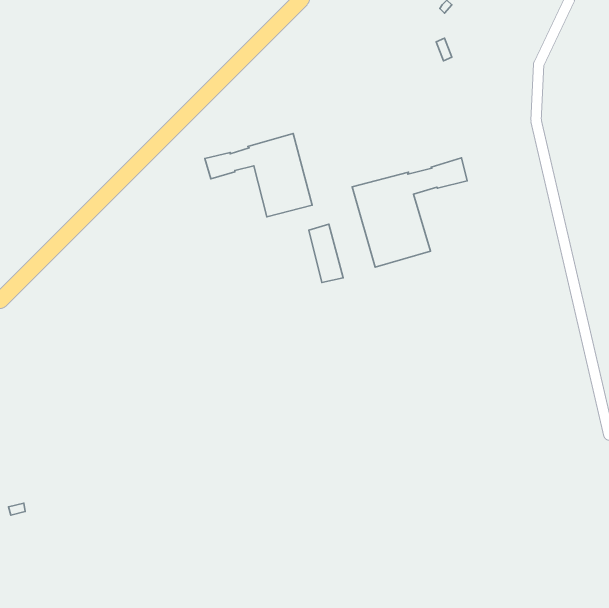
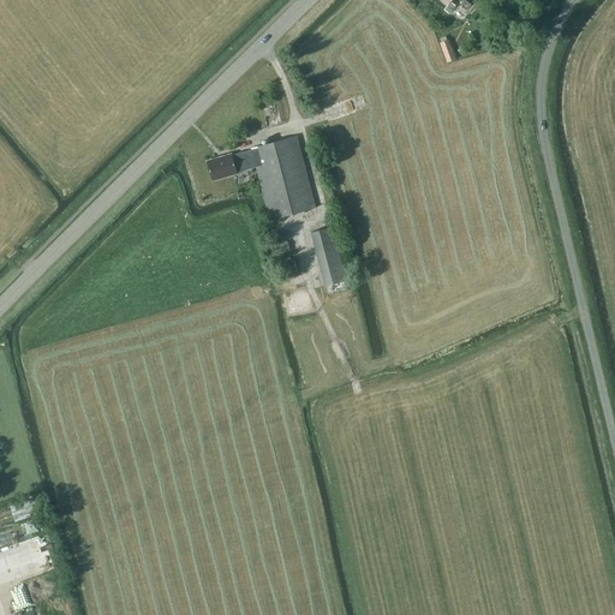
building: [352,158,467,267] -> none

